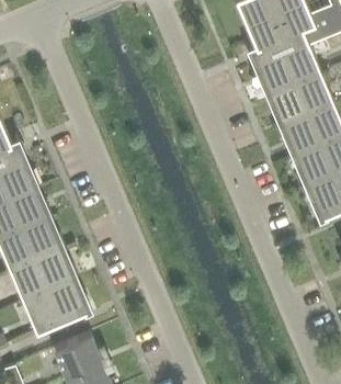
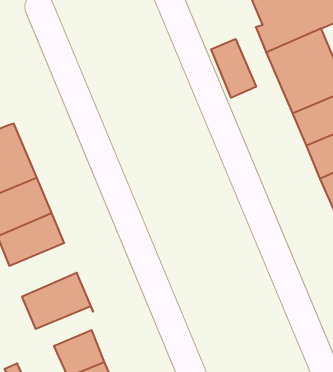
building: none -> [211,39,256,98]
building: [11,250,76,302] -> none

